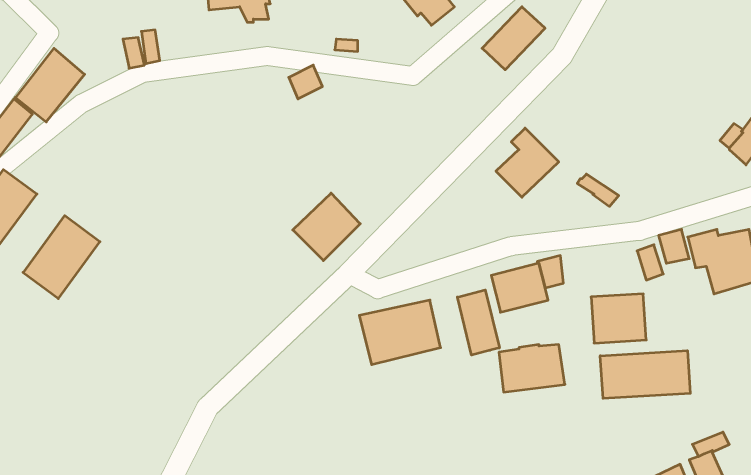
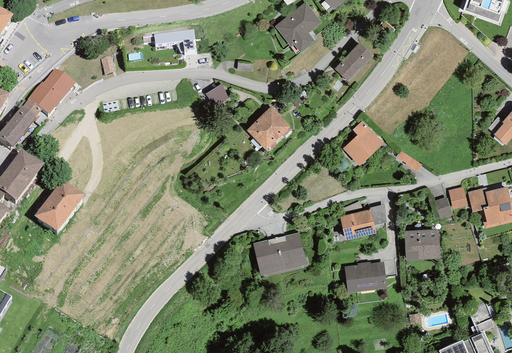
building: [293,193,360,261] -> [246,106,290,150]
building: [457,290,499,355] -> none
building: [600,351,690,398] -> none

